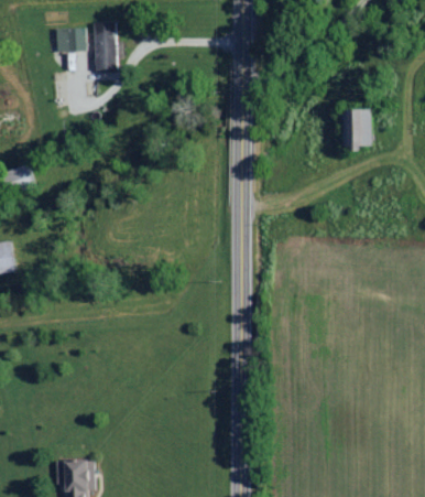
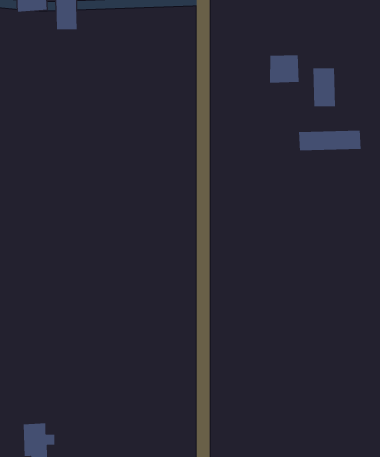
building: none -> [270,54,299,83]
building: none -> [298,130,361,151]

